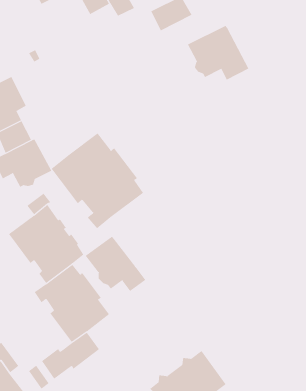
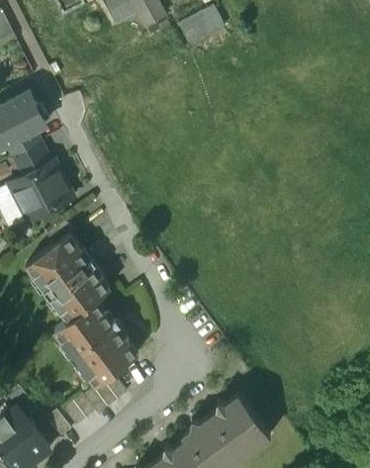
building: [187,25,249,80] -> none
building: [51,133,144,229] -> none
building: [85,236,146,292] -> none

